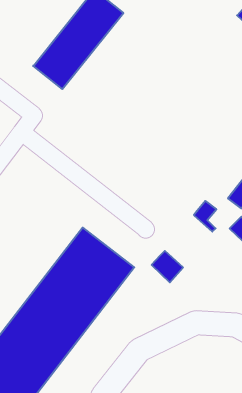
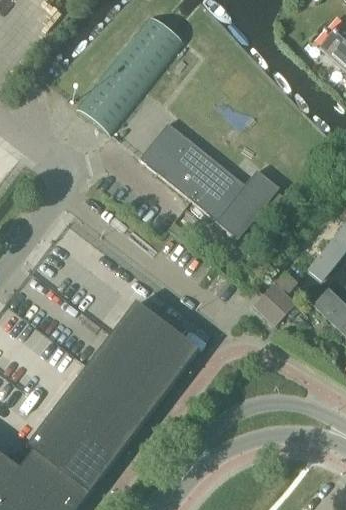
building: none -> [138,122,278,238]
building: [152,251,183,282] -> [253,287,291,325]

